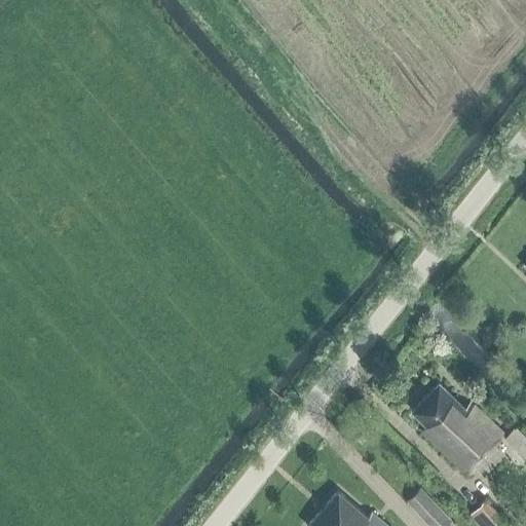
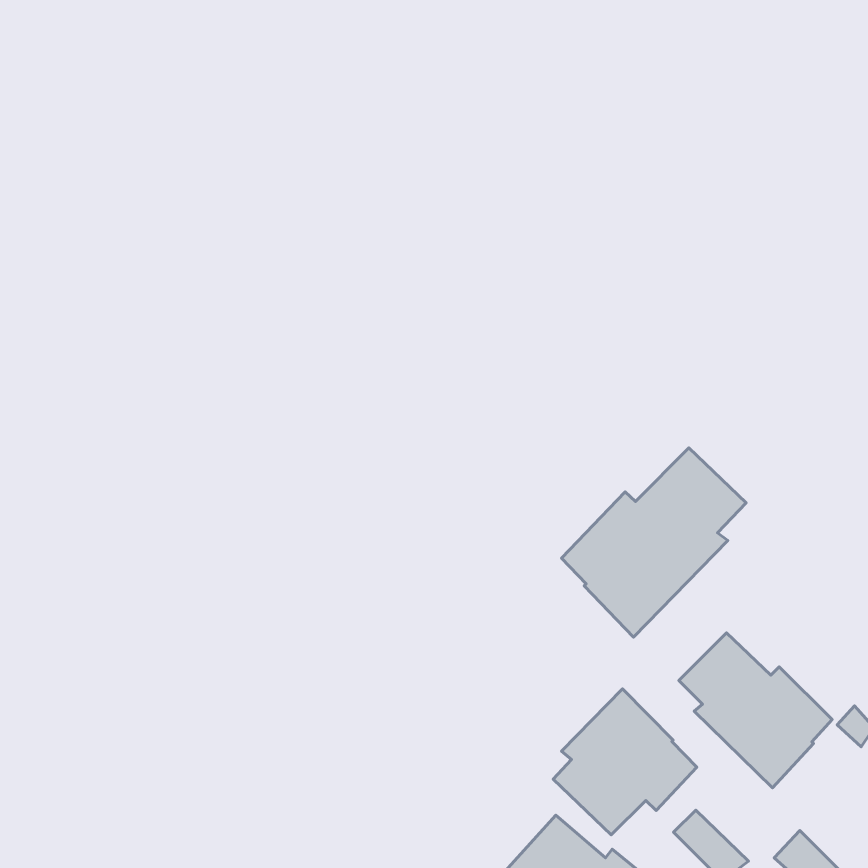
building: none -> [562,448,746,637]
building: none -> [553,689,697,835]

